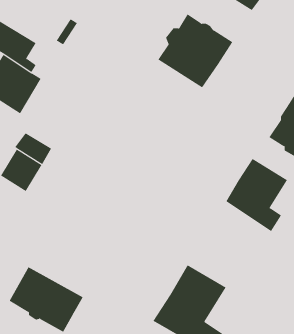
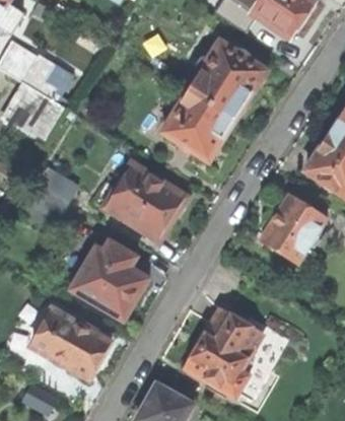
building: none -> [162,79,236,160]
building: none -> [93,160,185,239]
building: none -> [72,238,147,318]

